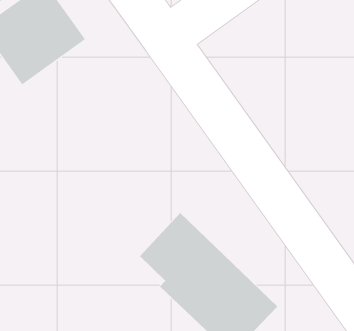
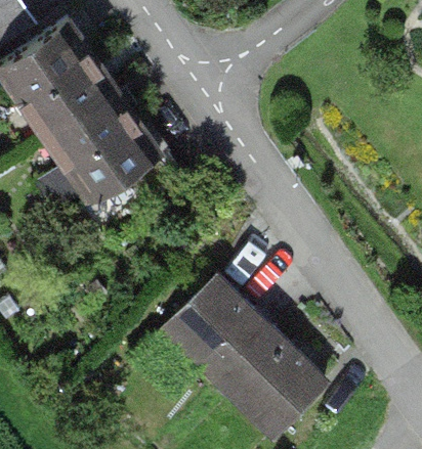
building: none -> [39,82,161,234]

